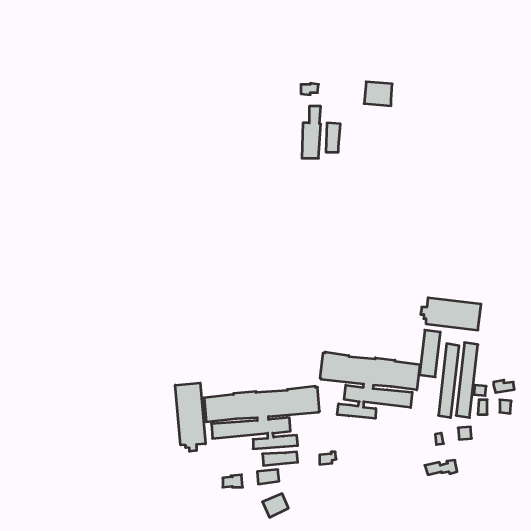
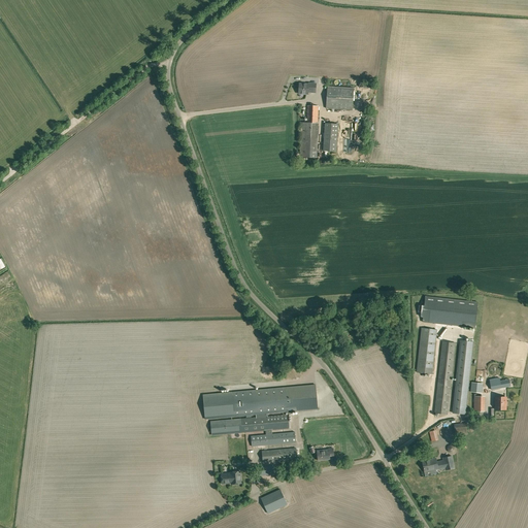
building: [364,82,392,106] -> [325,86,353,109]
building: [320,352,420,418] -> none
building: [175,383,205,451] -> none

